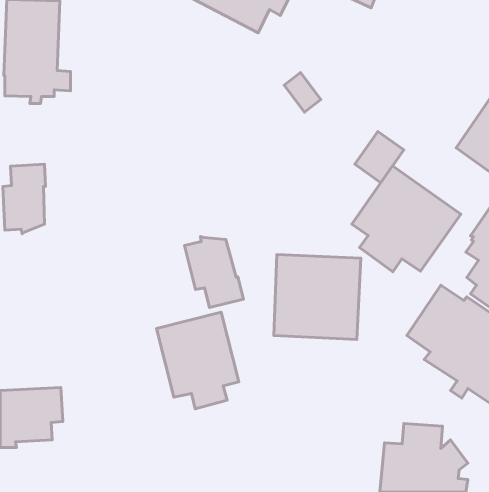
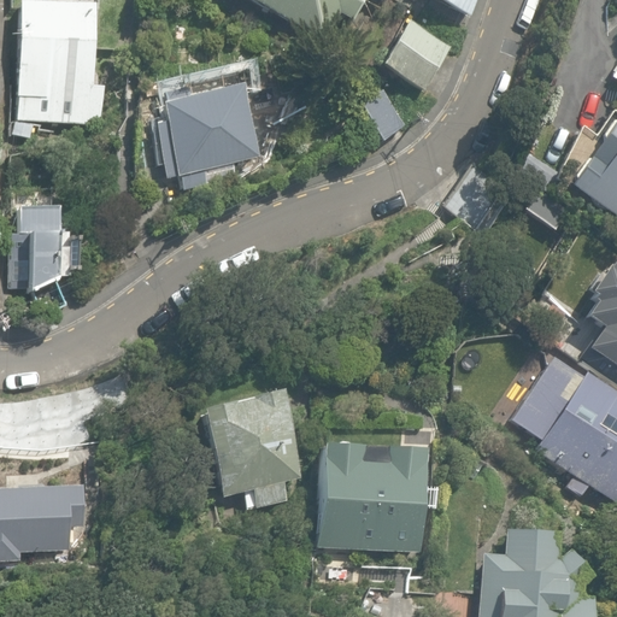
building: none -> [382,20,453,90]
building: none -> [163,66,262,192]
building: [352,166,461,272] -> none
building: [184,236,244,307] -> none
building: [274,254,361,339] -> [318,445,427,551]

